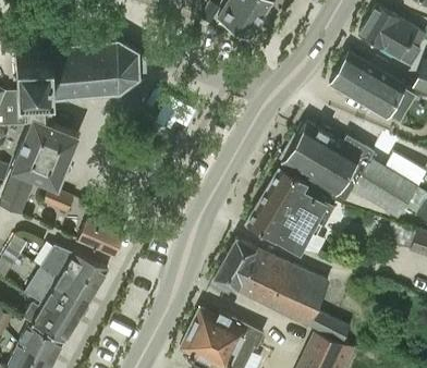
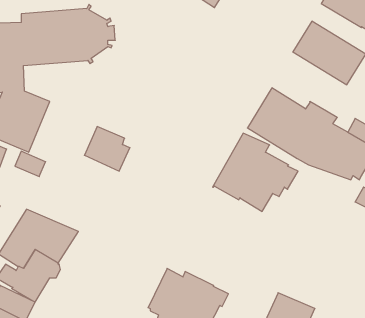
building: [77,211,124,257] -> [84,127,130,171]
building: [213,238,349,342] -> none

